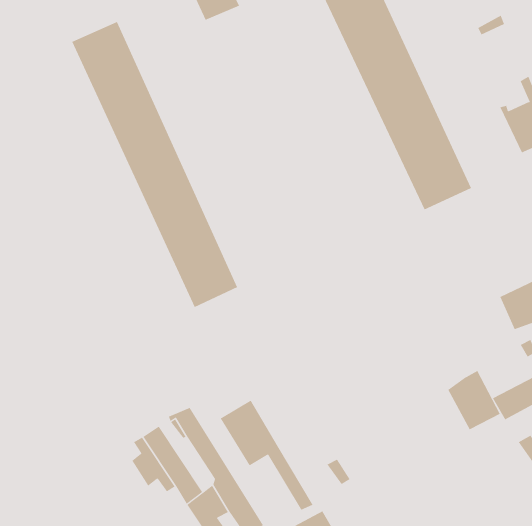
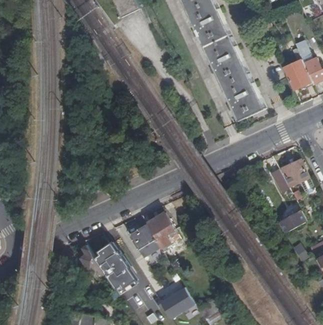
building: [71,21,238,308] -> none
building: [447,370,500,430] -> none
building: none -> [146,212,174,248]

